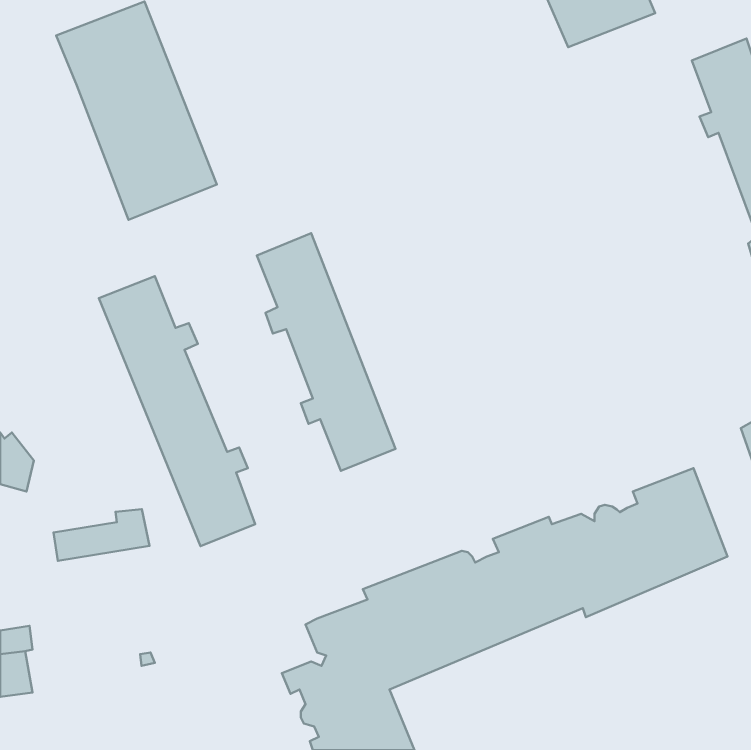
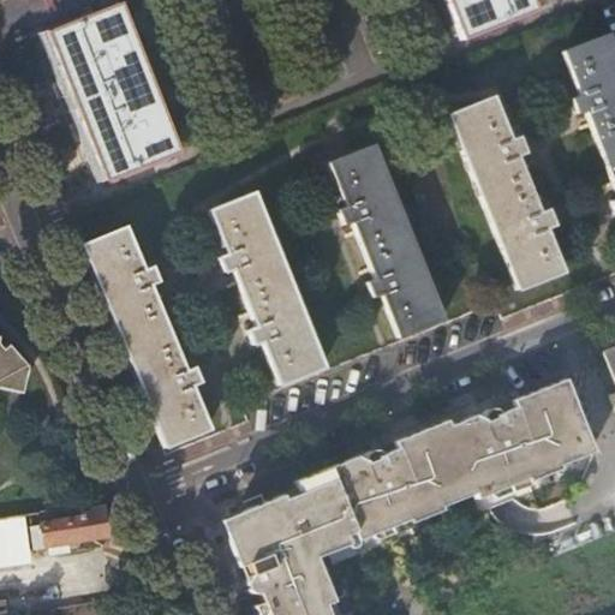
building: none -> [450,94,565,288]
building: none -> [332,143,444,335]
building: [53,509,149,561] -> [32,503,111,545]

